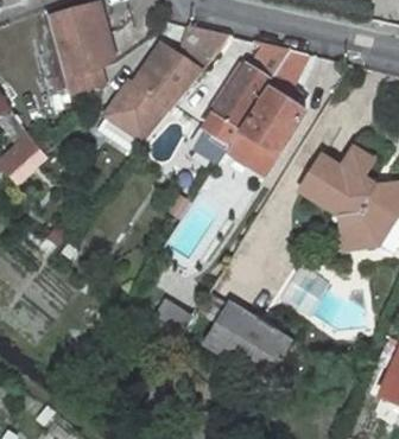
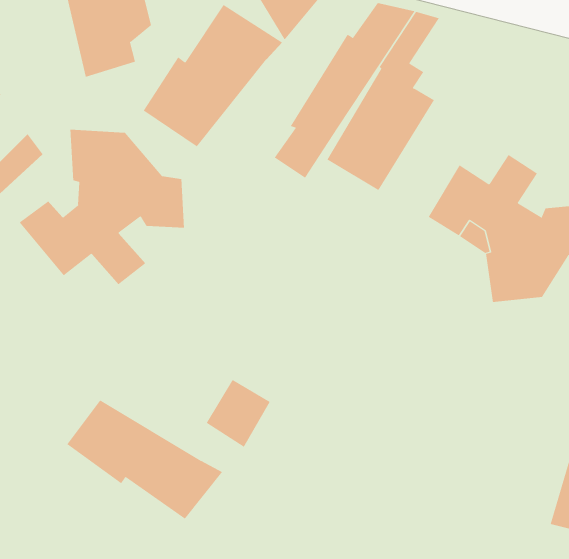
building: none -> [19,129,184,285]
building: [205,298,292,378] -> none
building: none -> [66,399,223,520]

